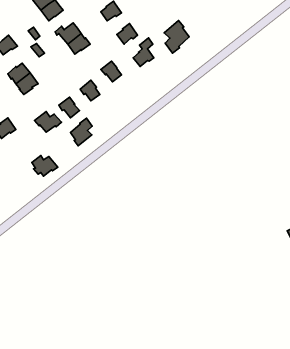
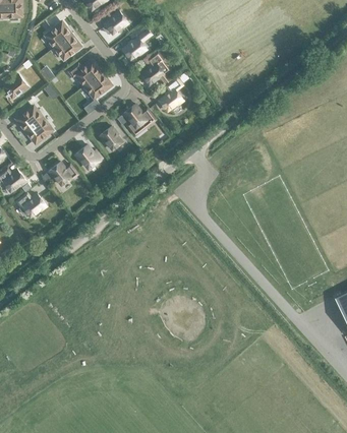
building: [164,21,189,53] -> none
building: [70,118,92,146] -> none
building: [32,155,58,176] -> [16,193,46,216]

